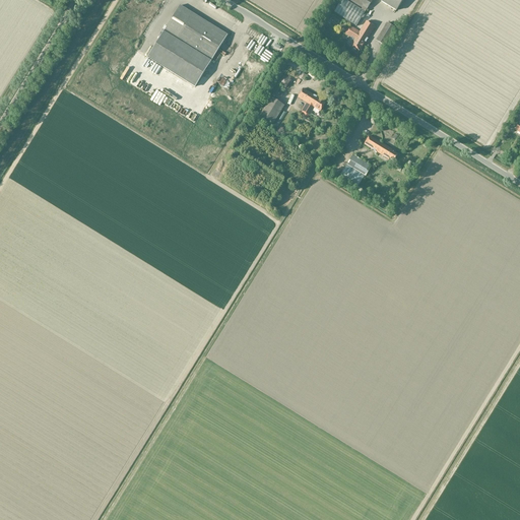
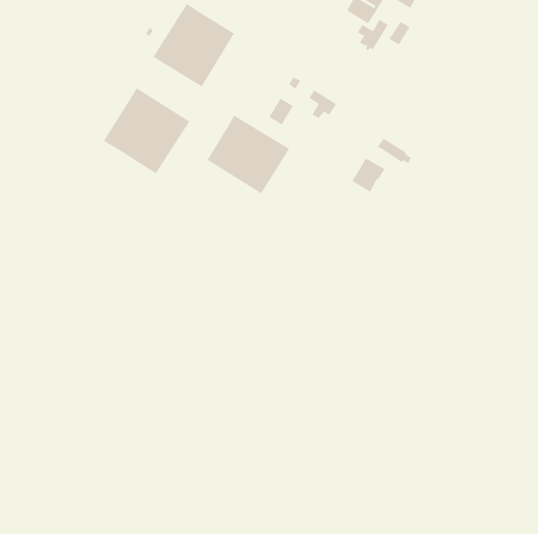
building: none -> [103,87,190,174]
building: none -> [207,115,290,194]

